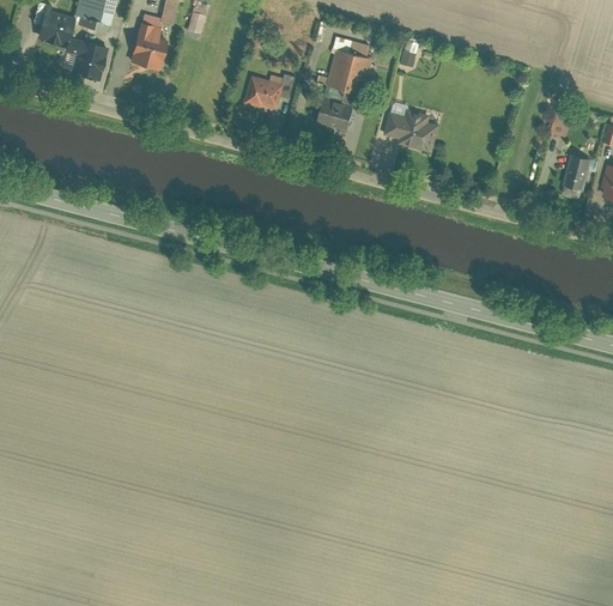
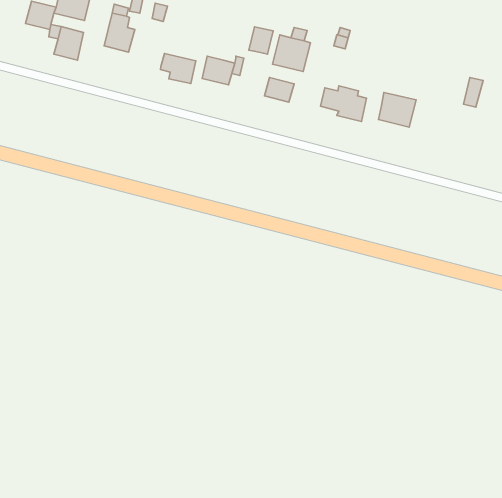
building: none -> [249,27,273,54]
building: none -> [160,54,196,84]
building: none -> [379,93,416,127]
building: [563,153,591,189] -> none

